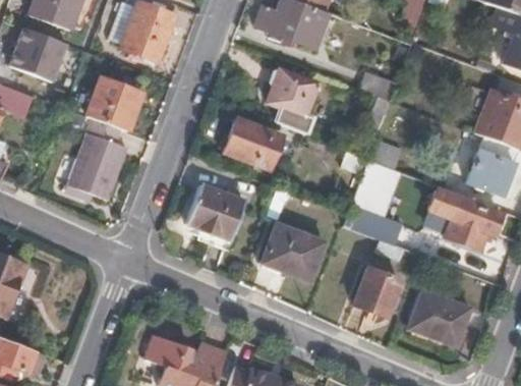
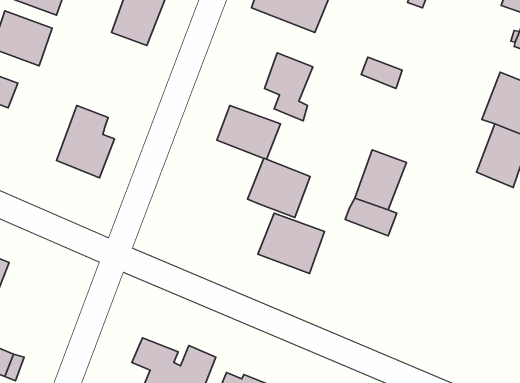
building: [85,78,141,131] -> none
building: [188,179,247,235] -> [248,158,310,217]
building: [428,189,502,251] -> none
building: [354,268,399,315] -> none
building: [409,289,475,347] -> none

